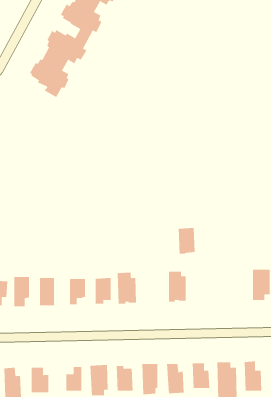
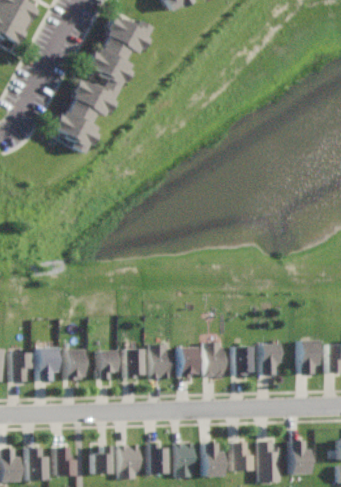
building: [178,228,195,254] -> [233,347,252,376]
building: none -> [259,345,277,376]
building: none -> [179,348,197,378]

